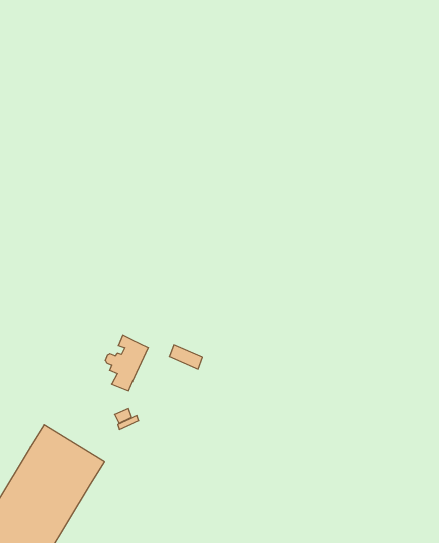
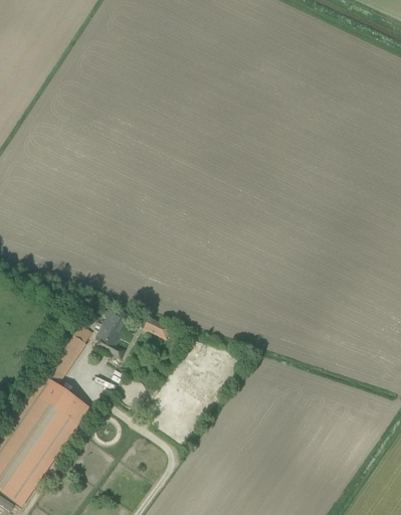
building: none -> [45,324,92,385]

